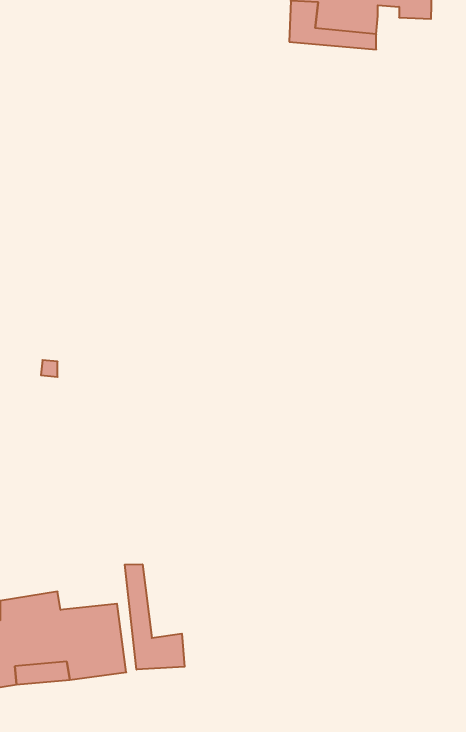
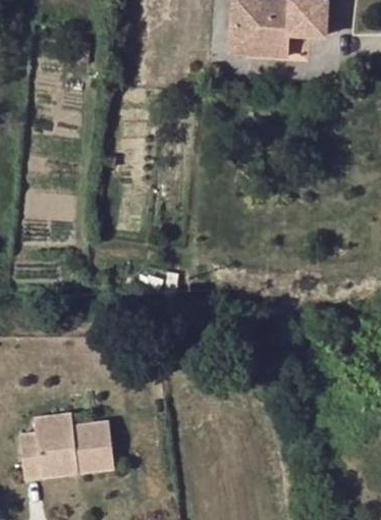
building: [125,564,185,670] -> none

